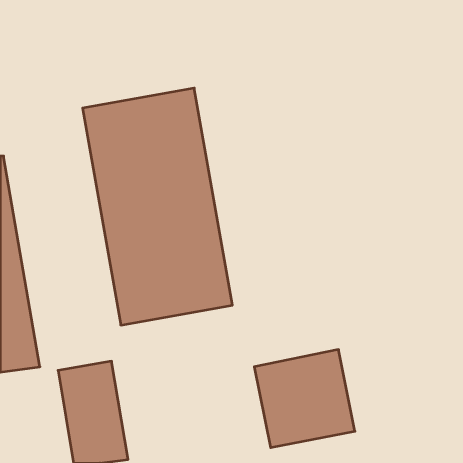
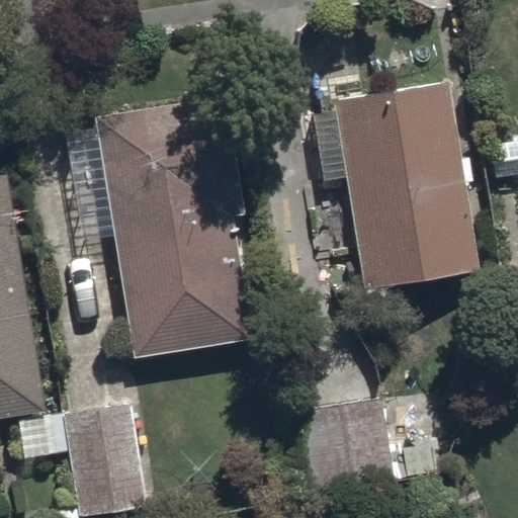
building: none -> [334,80,470,287]

